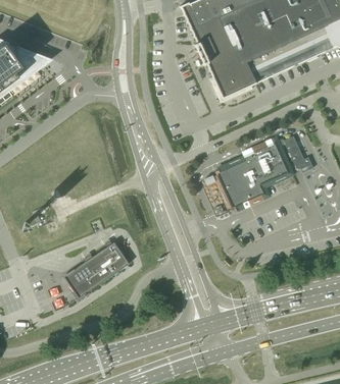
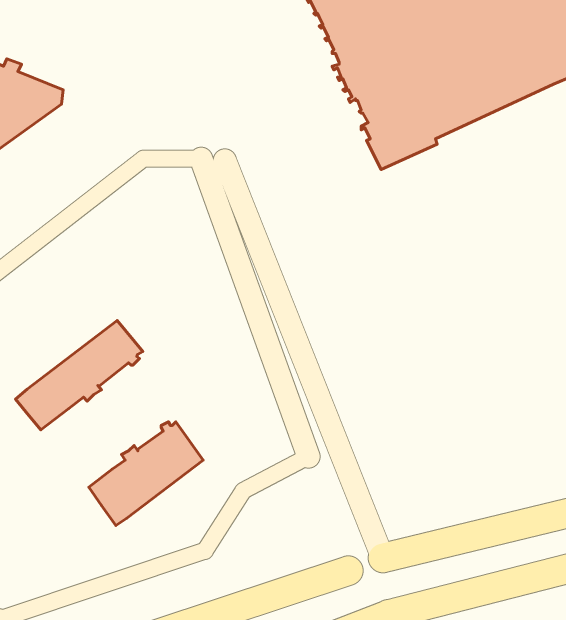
building: [221,136,313,198] -> none
building: none -> [15,321,143,430]

